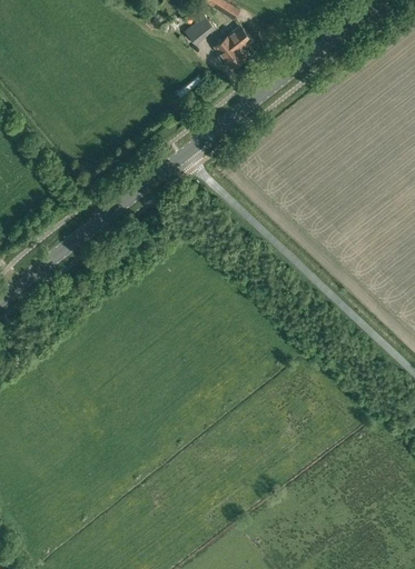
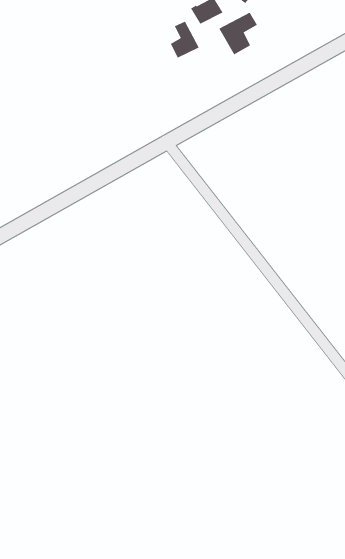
building: none -> [170,21,199,58]

